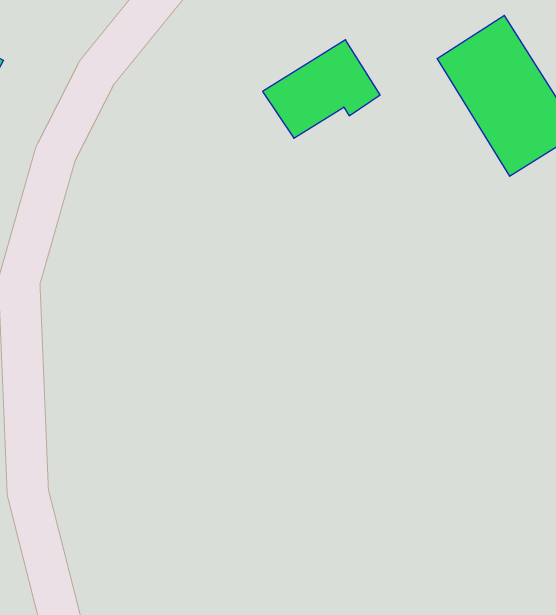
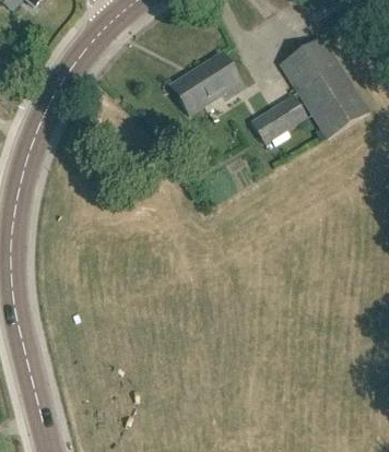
building: none -> [250,94,308,143]

